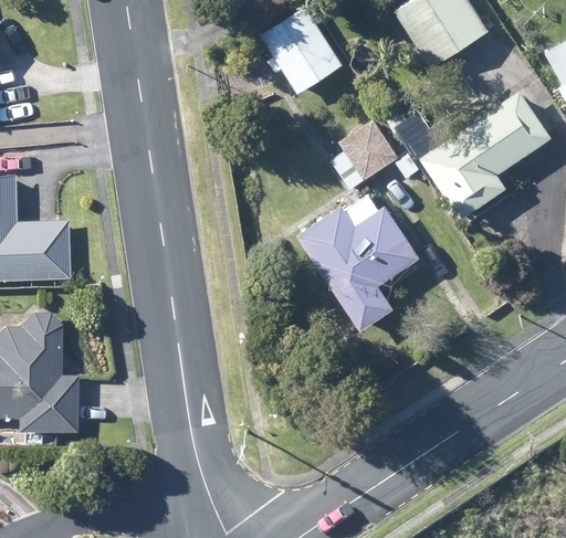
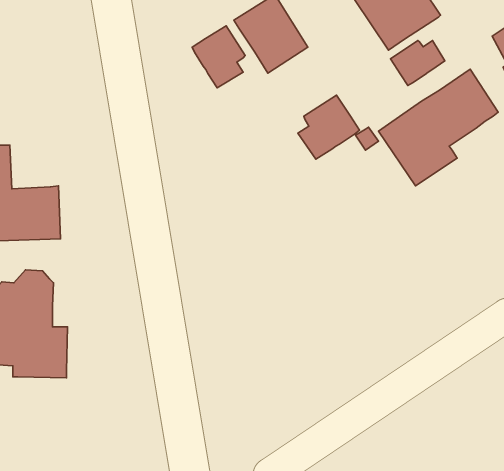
building: none -> [192,26,245,88]
building: none -> [390,40,445,85]
building: [297,191,421,333] -> none

